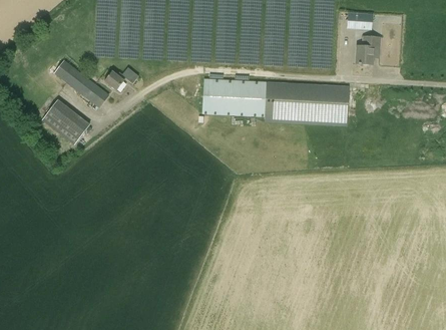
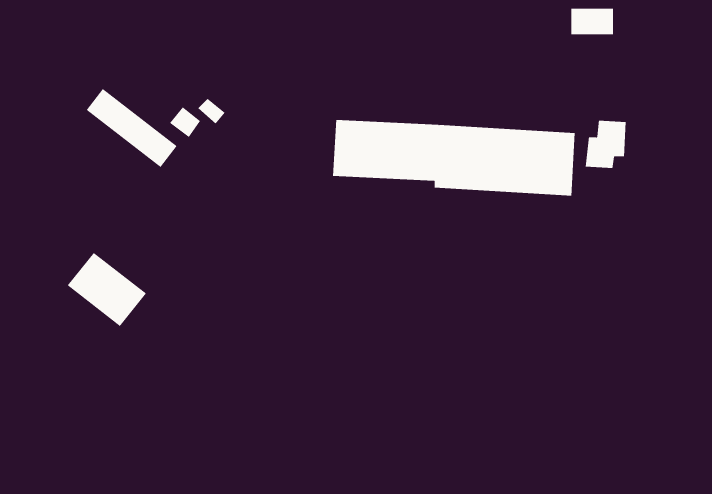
building: [355,35,380,64] -> [585,120,626,169]
building: [41,98,89,143] -> [67,252,147,327]

